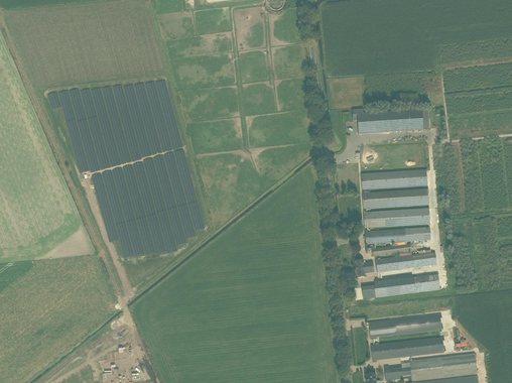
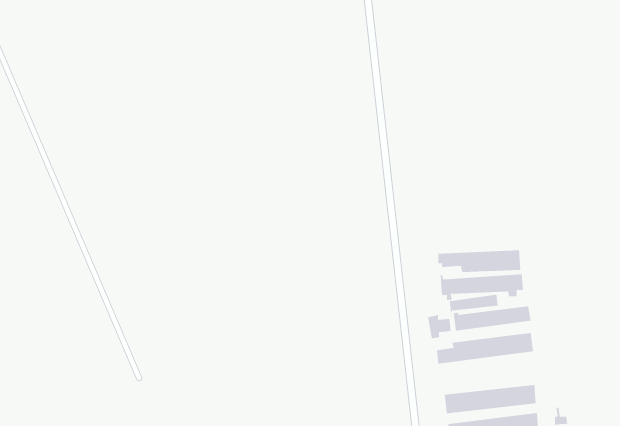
building: [352,108,423,133] -> none
building: [361,168,428,206] -> none

